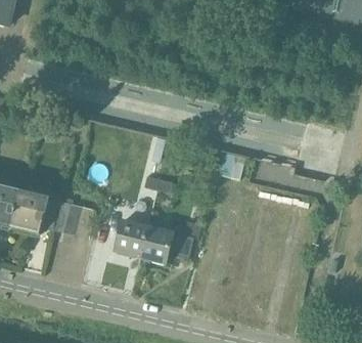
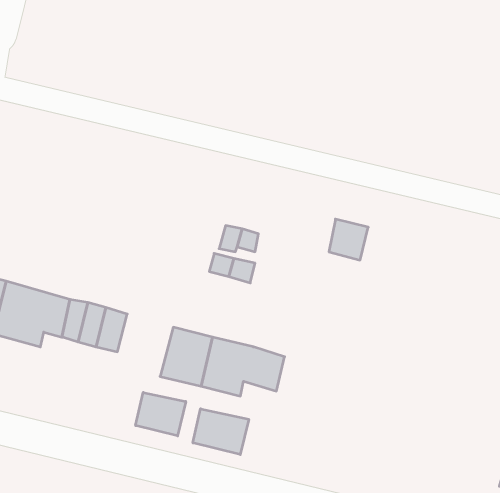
building: none -> [136,392,186,436]
building: none -> [193,409,249,455]

